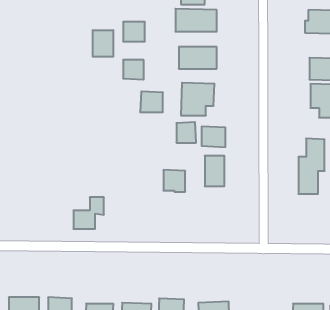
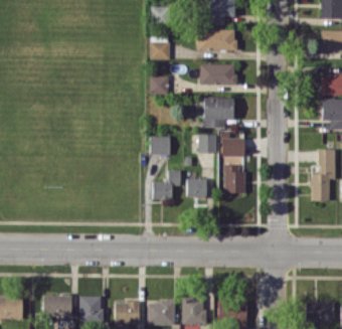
building: [93,30,113,57] -> none
building: [140,91,163,112] -> [149,136,170,155]
building: [73,197,104,229] -> [152,170,180,199]

